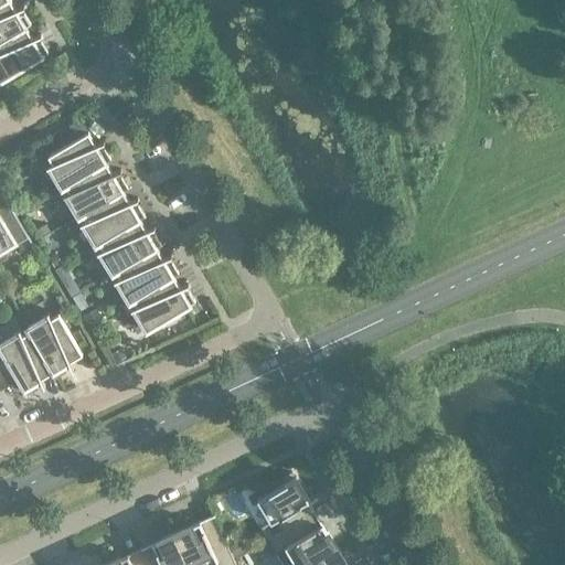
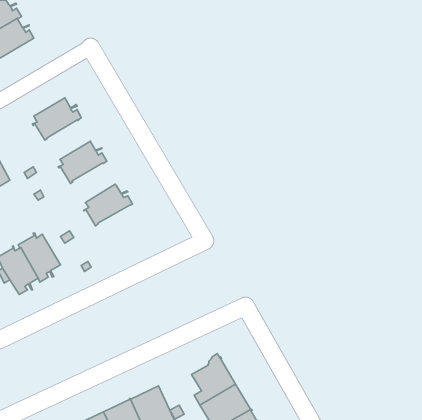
building: [61,164,126,221] -> none
building: [94,222,159,277] -> none
building: [128,279,193,334] -> none

